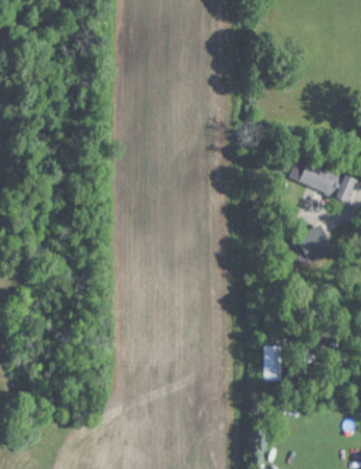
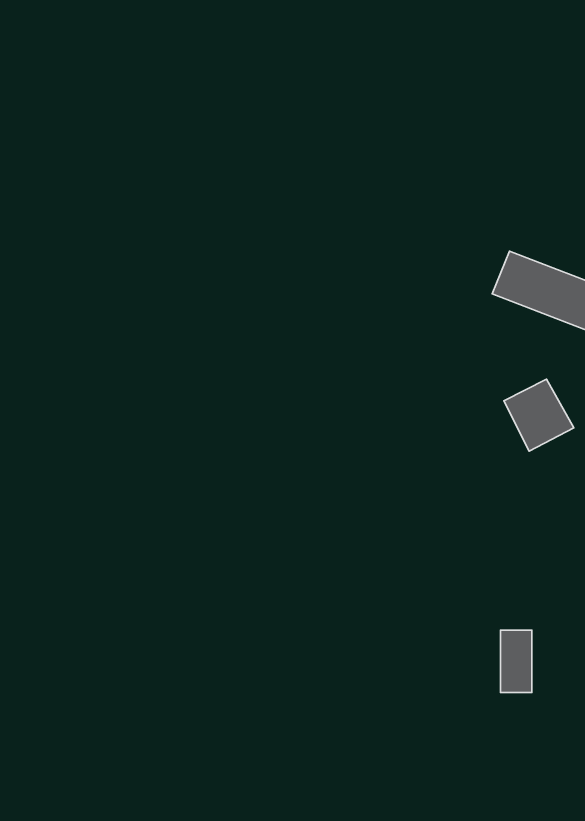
building: [263,344,280,377] -> [501,630,532,692]

